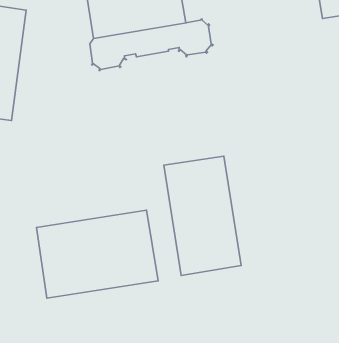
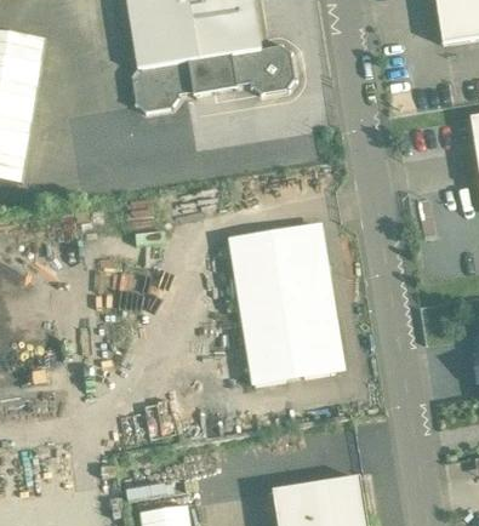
building: [36,210,158,298] -> none

